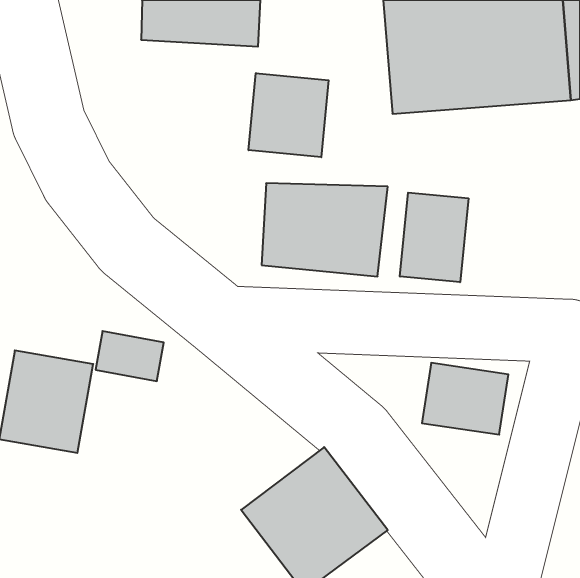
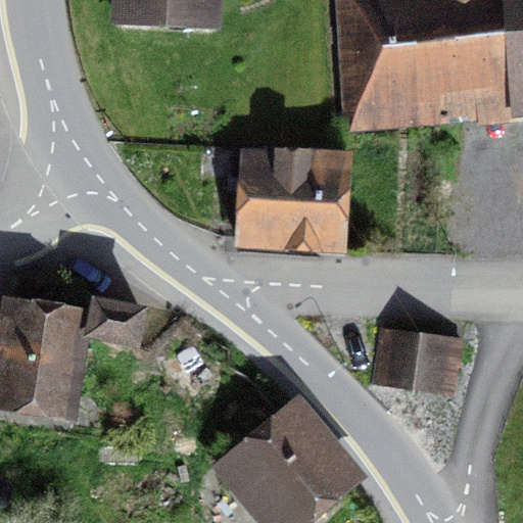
building: [249,73,329,157] -> none
building: [400,193,468,282] -> none

